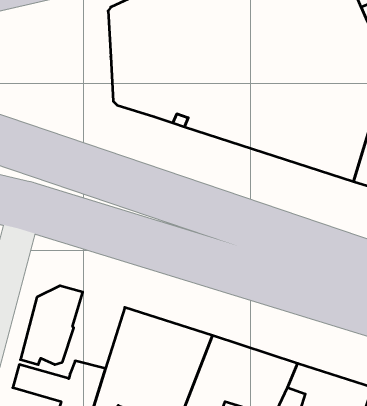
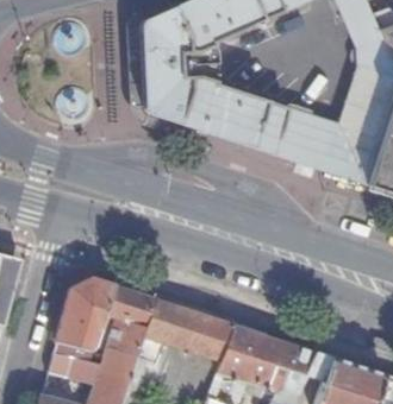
building: none -> [104,286,152,358]

